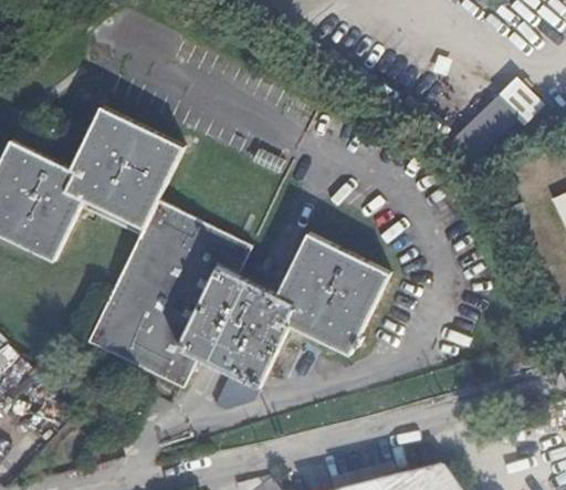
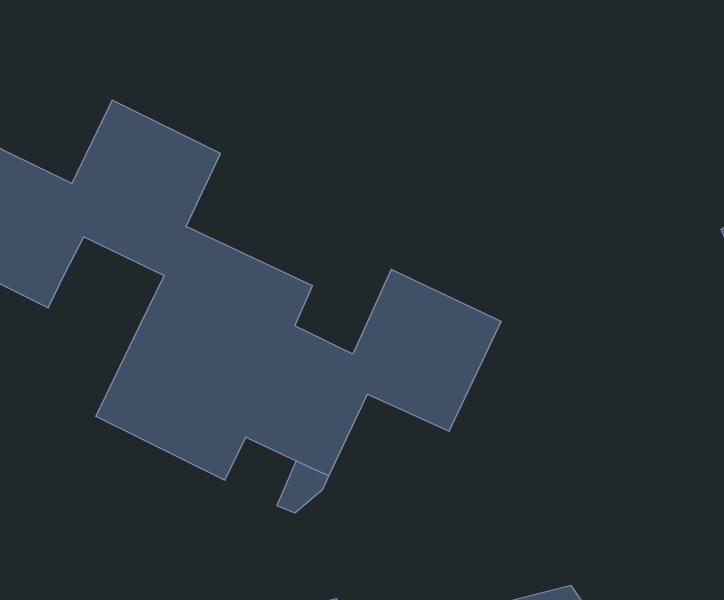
building: [453,79,545,168] -> none

